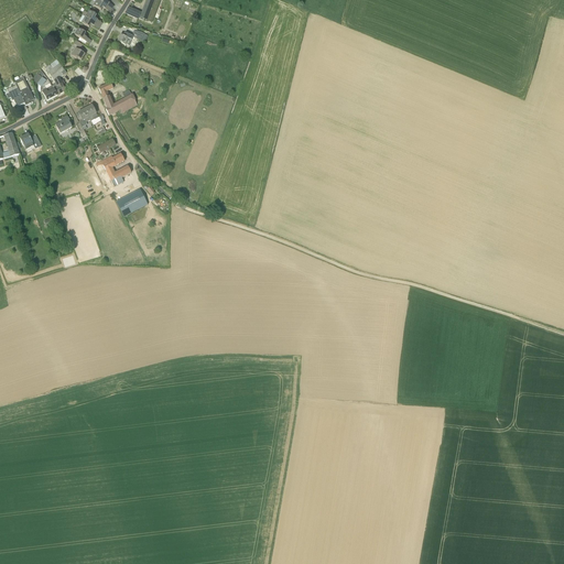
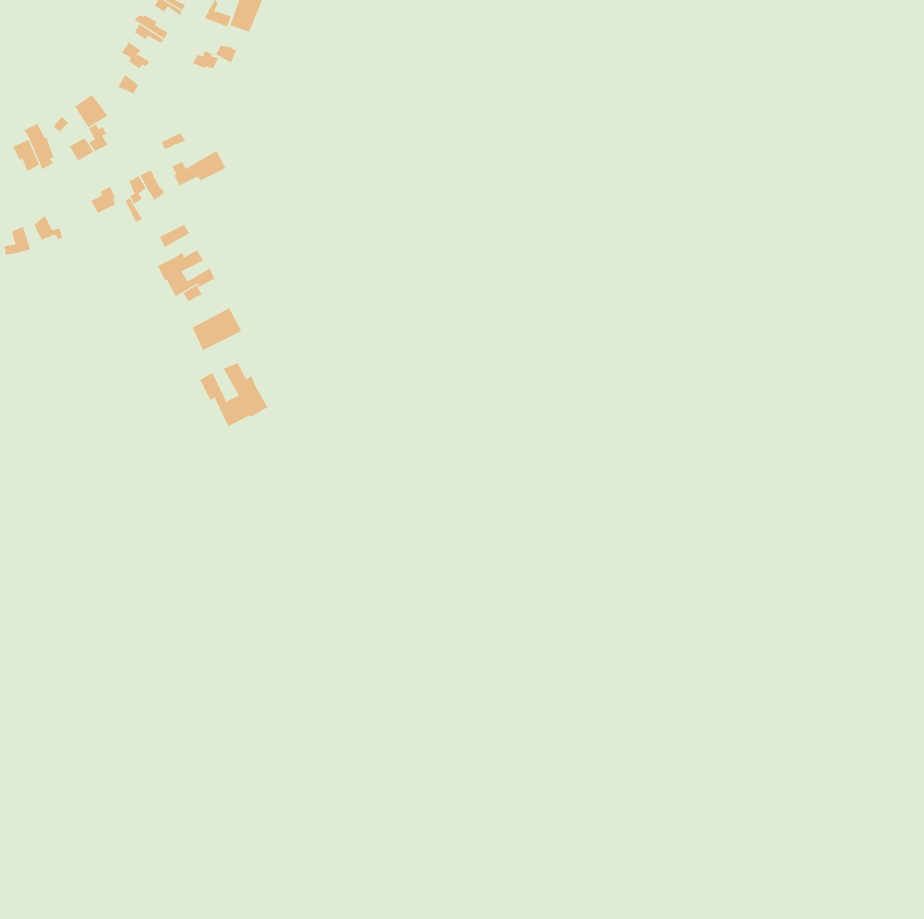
building: none -> [200,362,268,427]

